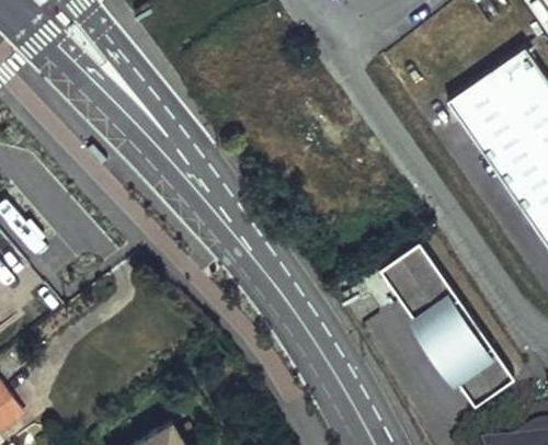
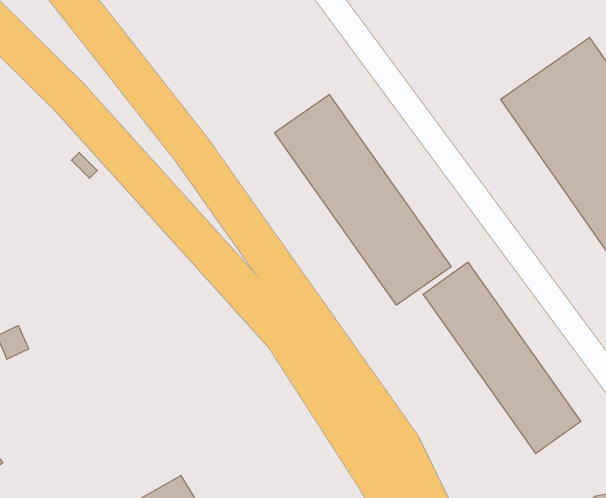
building: none -> [275,94,451,305]

